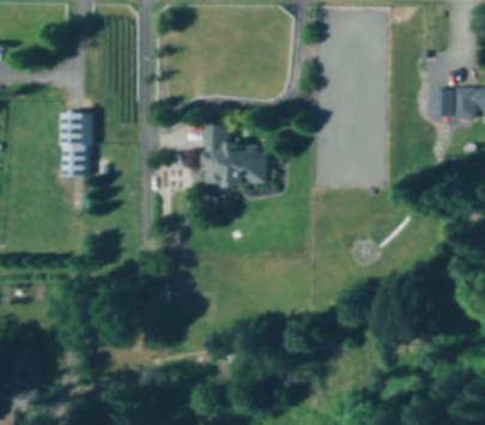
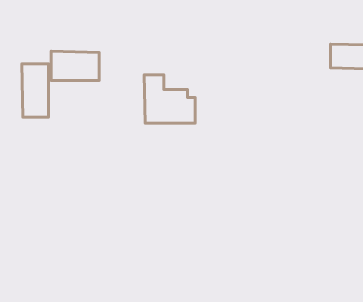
building: none -> [51,51,99,81]

